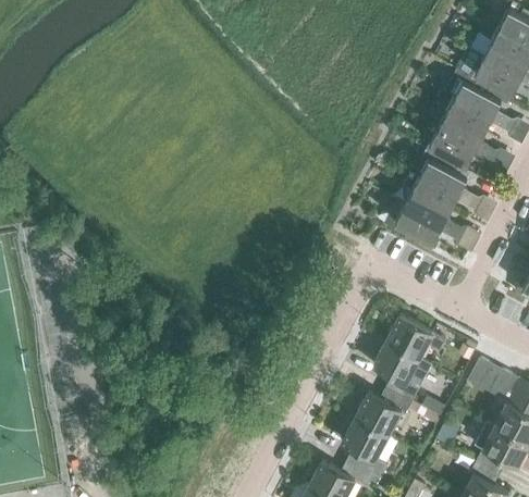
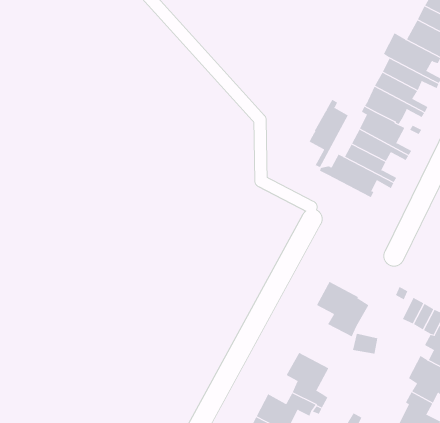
building: none -> [309,99,348,168]
building: [389,315,445,357] -> none
building: [356,386,414,434] -> none

